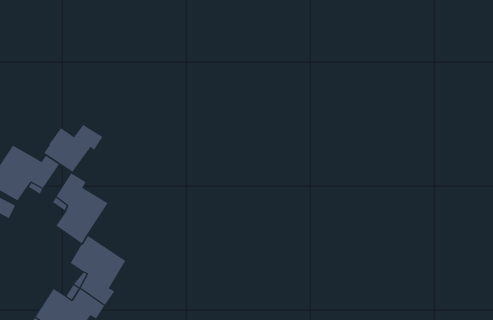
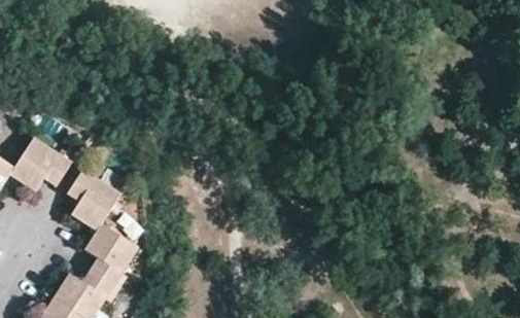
building: [43,124,103,173] -> none

